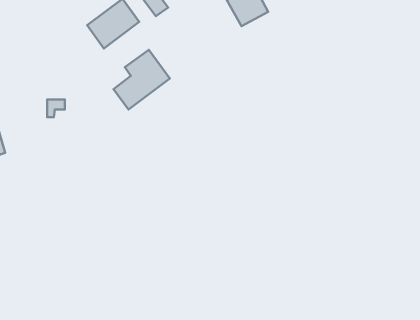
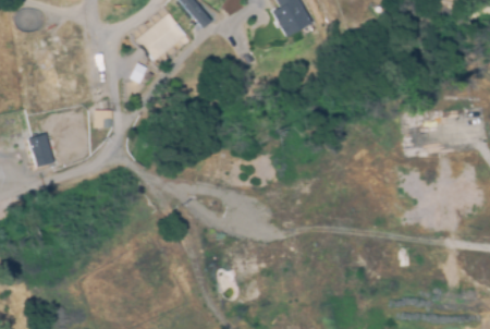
building: [114,50,170,109] -> none

